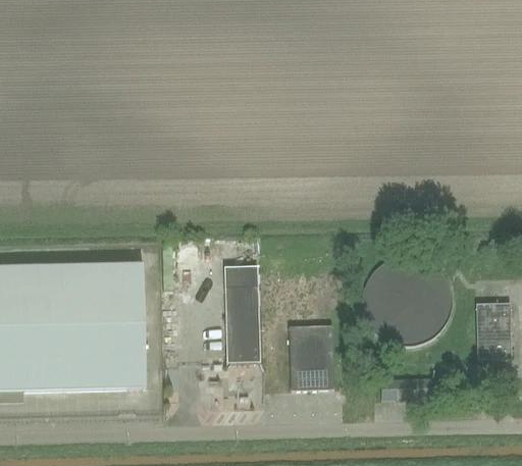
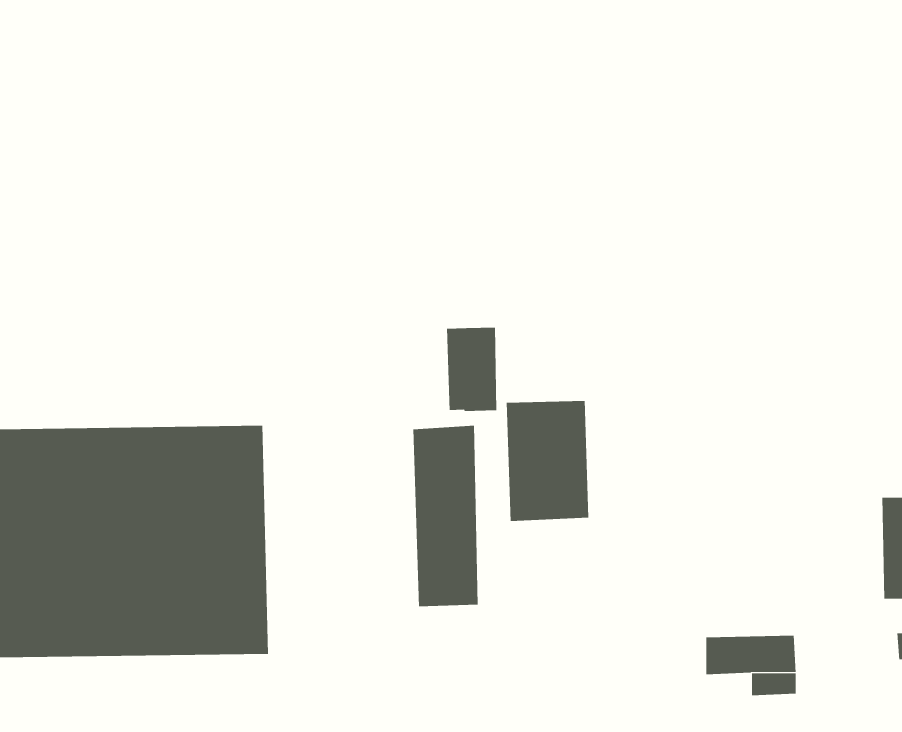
building: none -> [446,327,497,412]
building: [289,325,333,391] -> [506,401,589,522]

